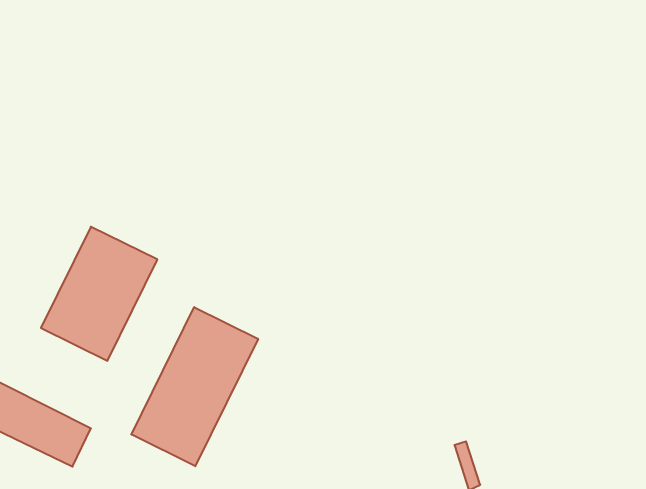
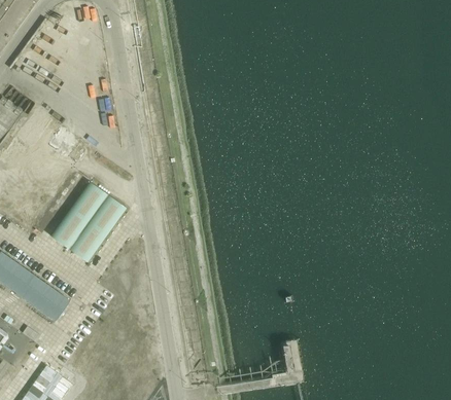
building: [131,307,258,466] -> none

